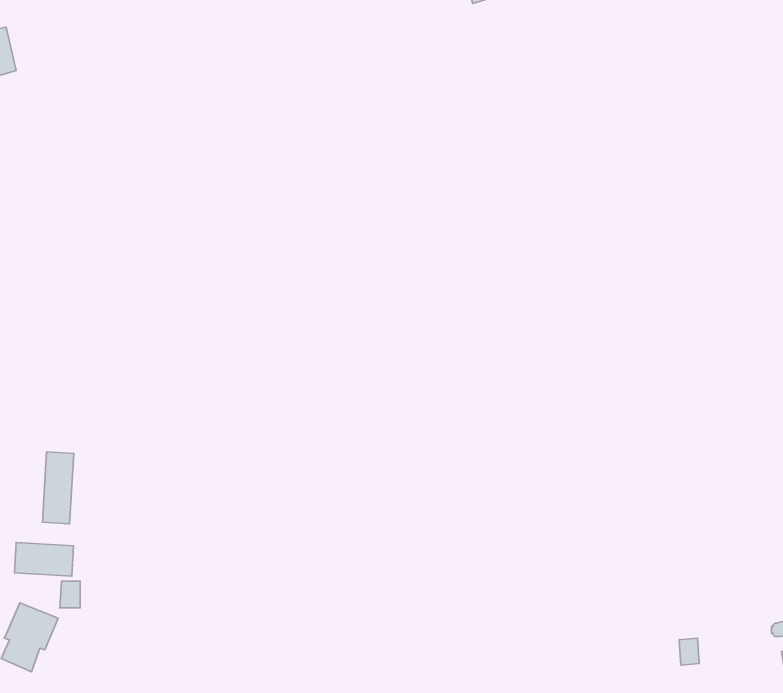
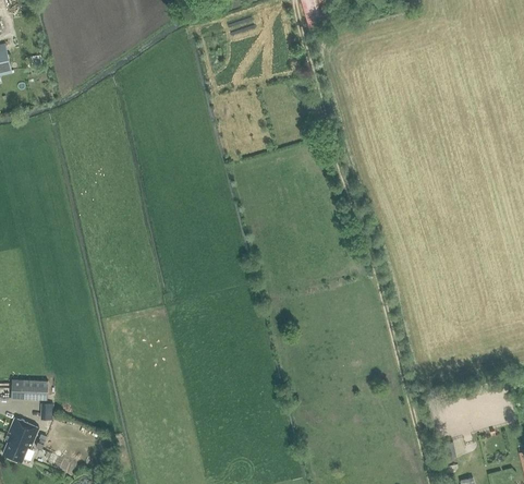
building: [43,452,74,524] -> none

